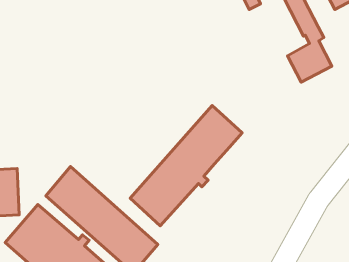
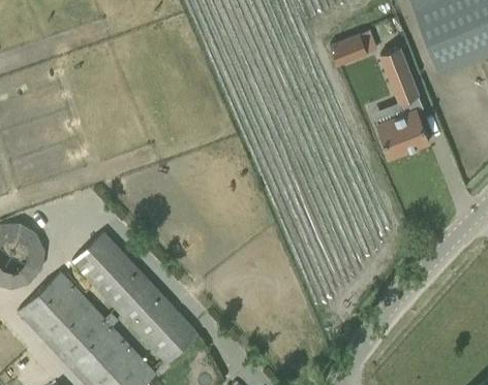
building: [130,106,242,226] -> none

